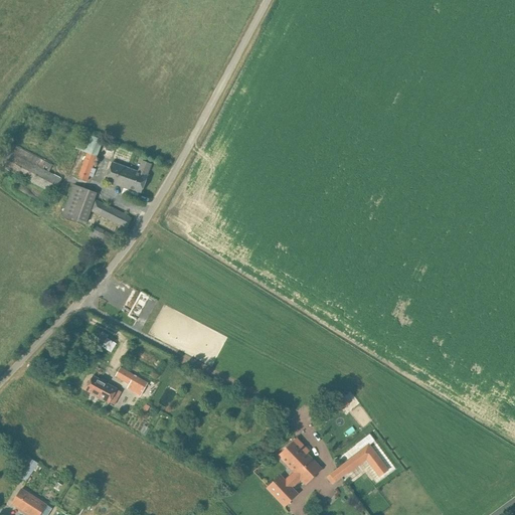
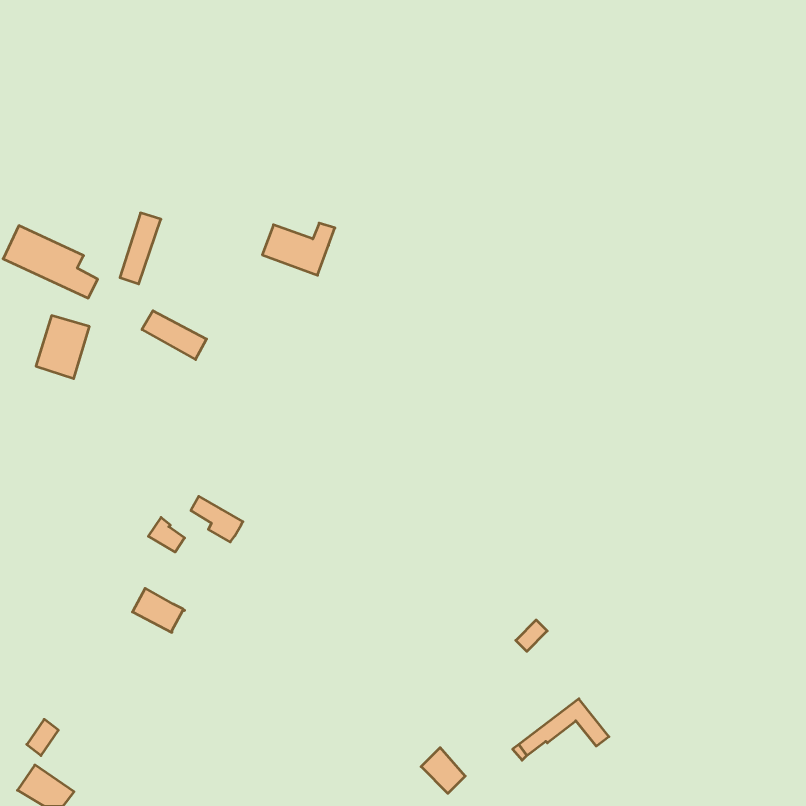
building: [106,161,152,194] -> [262,223,335,275]
building: [62,184,97,224] -> [36,316,89,379]
building: [116,367,149,396] -> [191,496,243,542]
building: [281,441,321,483] -> none

